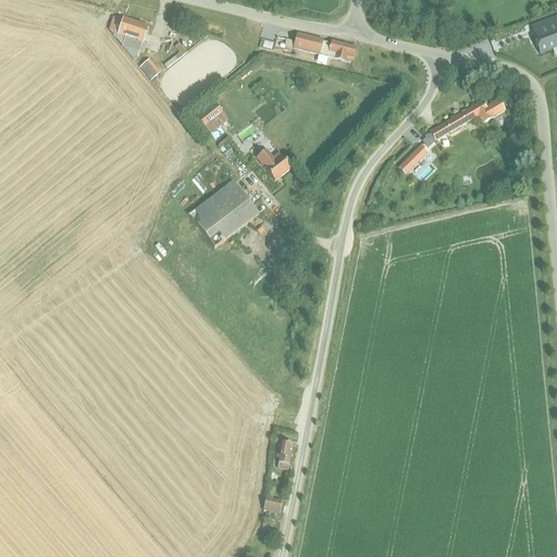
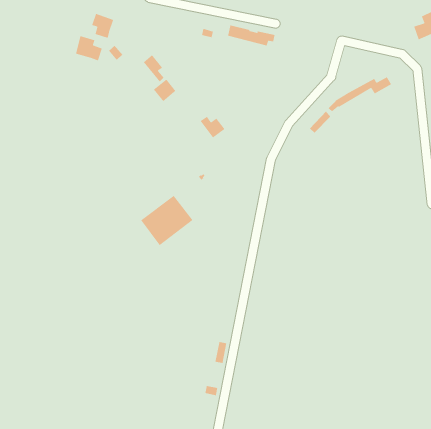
building: none -> [75,35,103,62]
building: none -> [143,54,164,82]
building: [189,181,258,247] -> [140,195,193,246]

